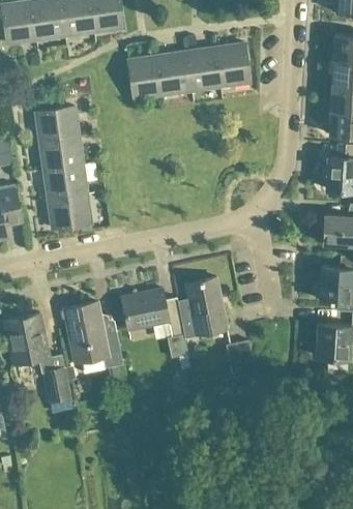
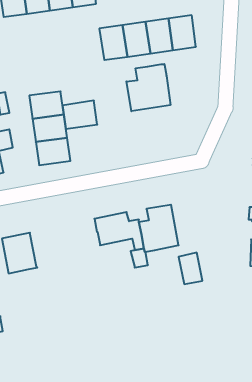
building: none -> [126,64,170,111]
building: [35,108,79,143] -> [63,101,97,129]
building: [64,303,122,369] -> none
building: [38,354,70,403] -> none

